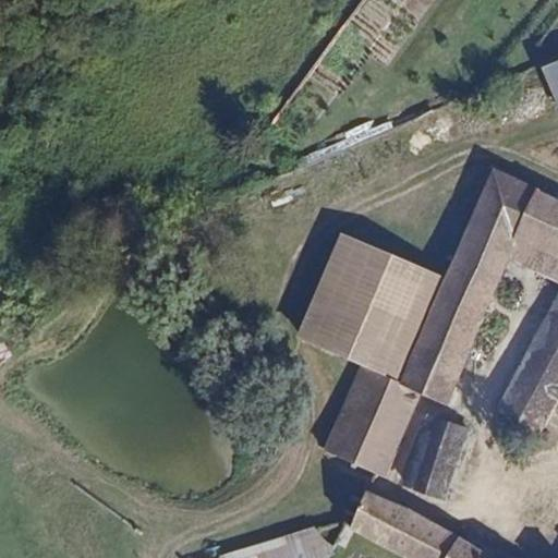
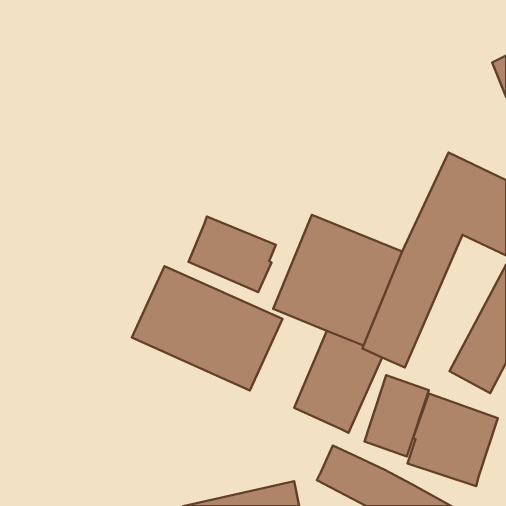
building: none -> [189,216,276,292]
building: none -> [132,266,282,390]
building: none -> [408,394,498,486]

